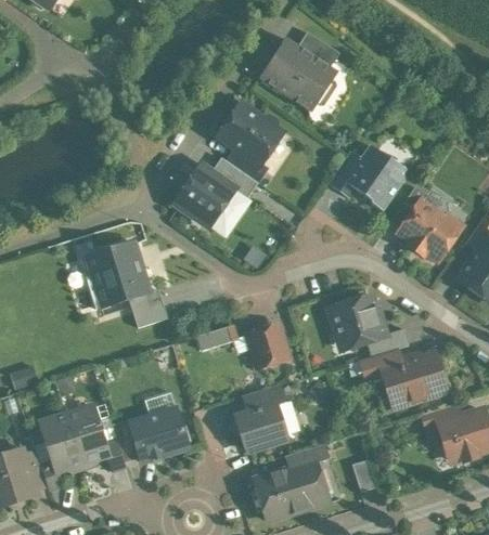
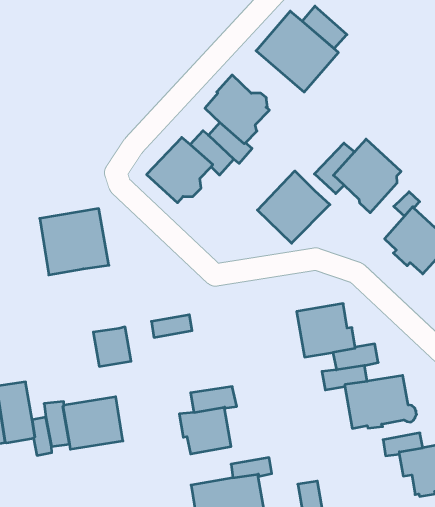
building: none -> [257,171,330,243]
building: [130,288,168,327] -> [93,327,131,366]
building: [247,324,287,367] -> none

